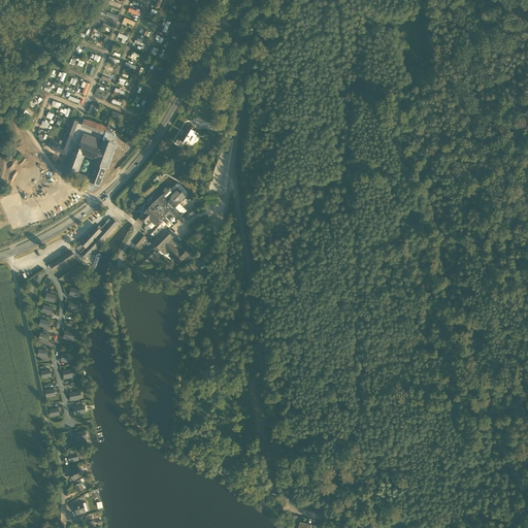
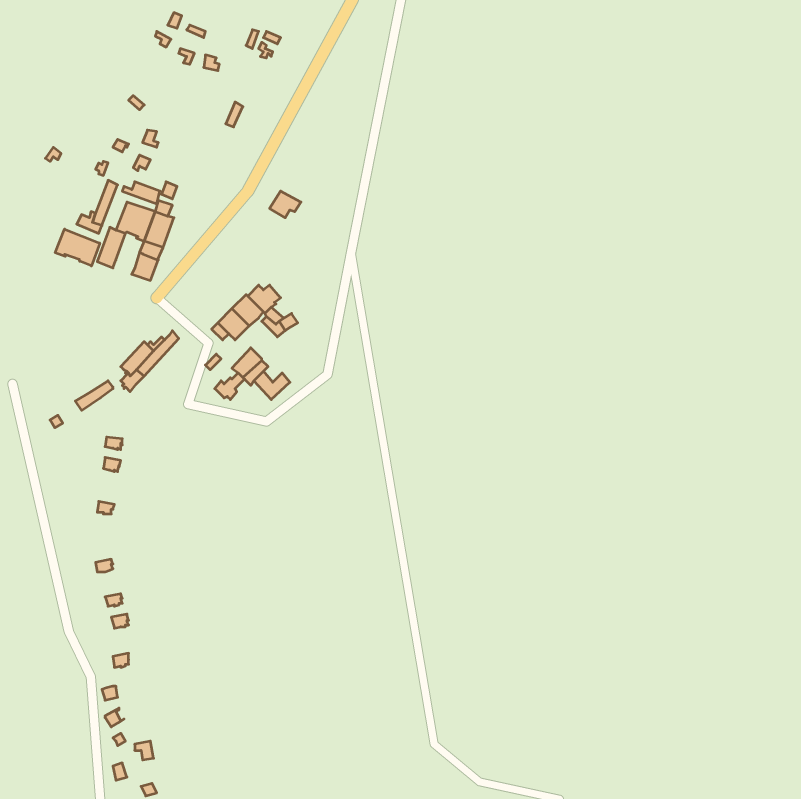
building: none -> [55,229,100,266]

